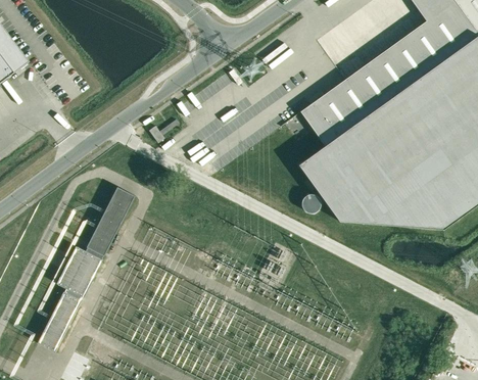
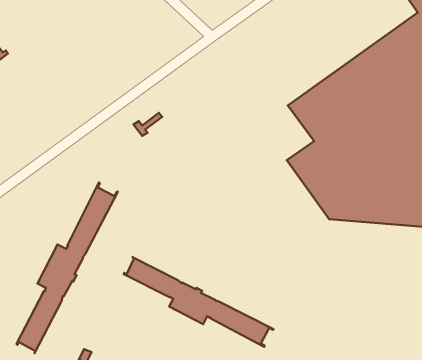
building: none -> [124,257,273,347]

